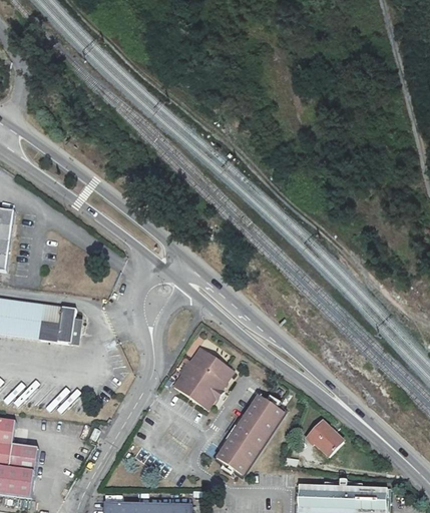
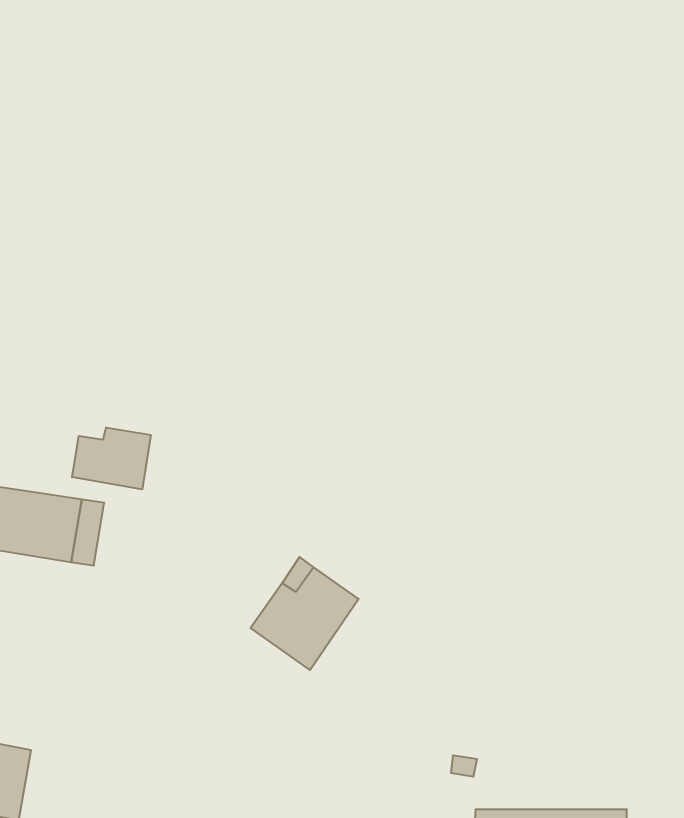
building: none -> [72,427,151,489]
building: [216,393,283,473] -> none
building: [308,419,342,452] -> none

